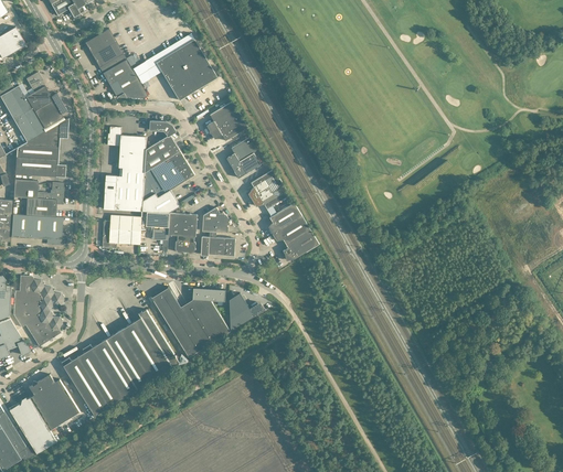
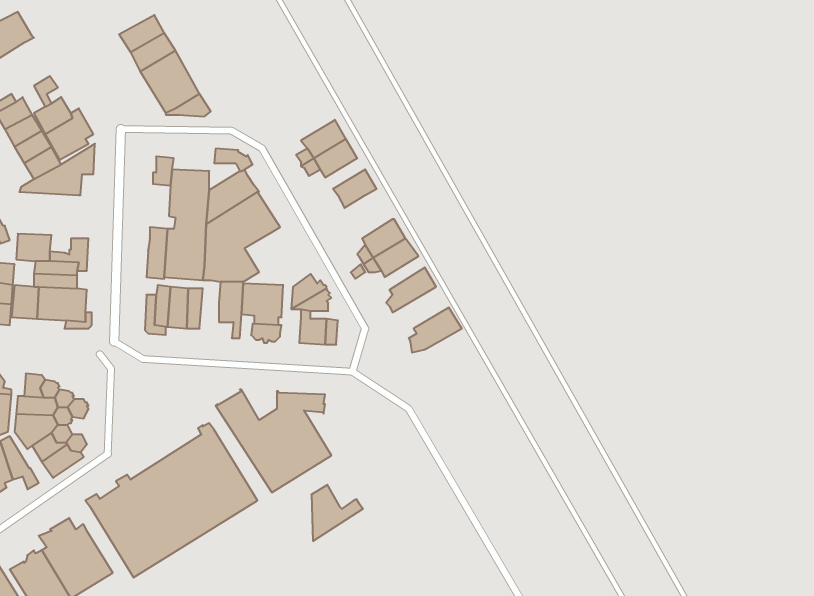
building: [155,39,216,100] -> none
building: [13,150,64,176] -> none
building: [224,152,259,178] -> none
building: [270,215,309,244] -> none
building: [227,292,263,331] -> [311,485,363,541]

